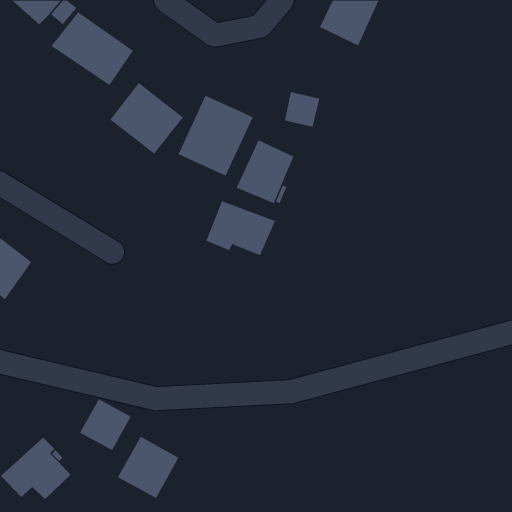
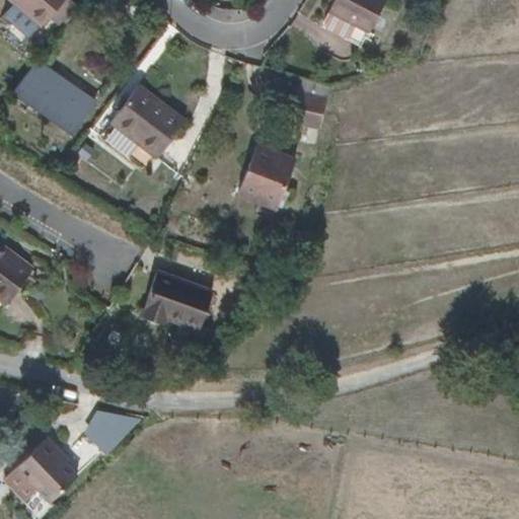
building: [51,12,134,86] -> [11,60,95,135]
building: [178,95,253,176] -> none
building: [205,201,276,256] -> [142,273,213,328]
building: [117,436,179,499] -> none

